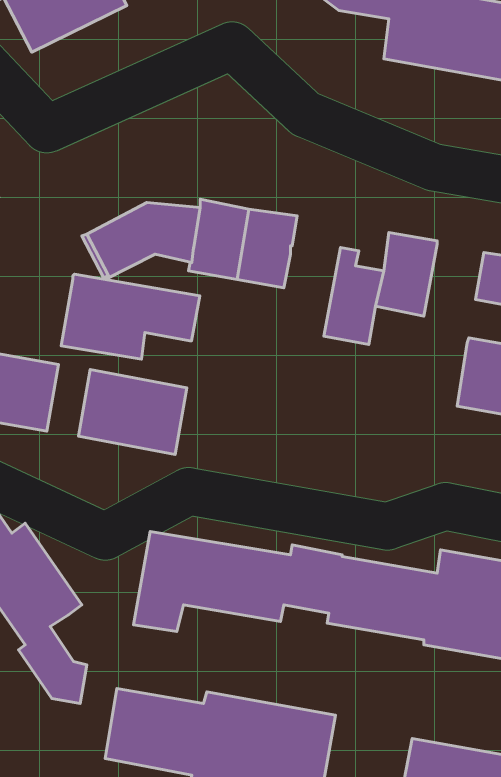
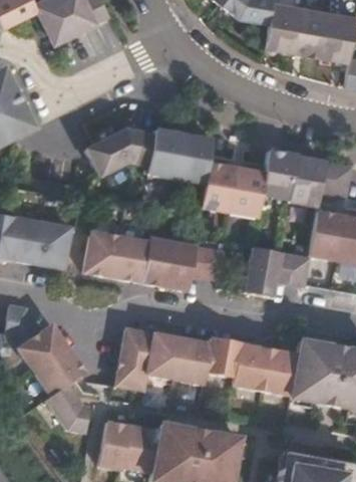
building: none -> [202,157,240,212]
building: none -> [290,157,326,207]
building: [61,274,200,359] -> [140,240,224,291]
building: none -> [246,248,310,297]

